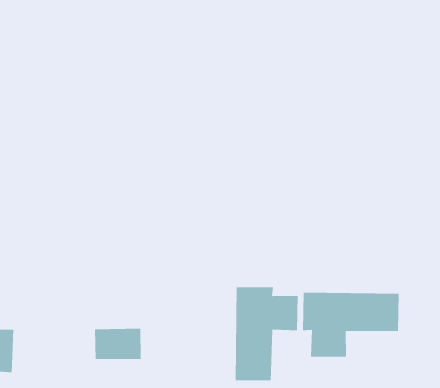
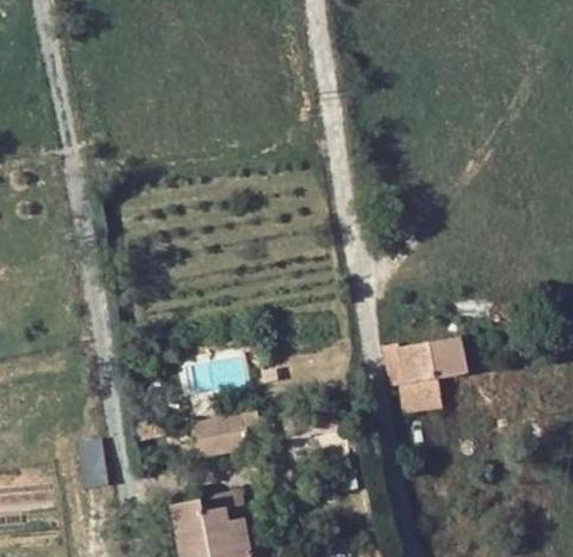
building: [235,287,298,381] -> none

